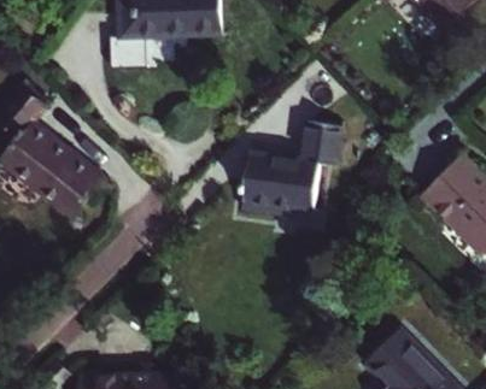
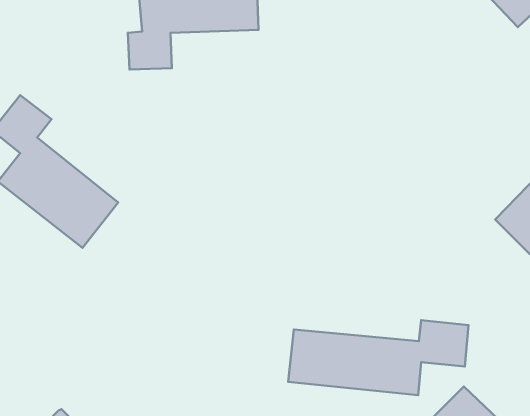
building: [251,119,346,207] -> none
building: none -> [288,320,469,395]

